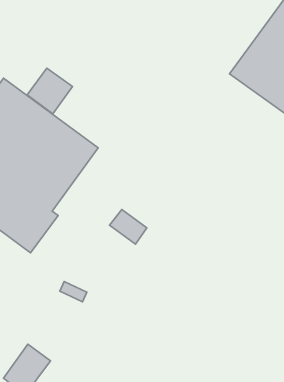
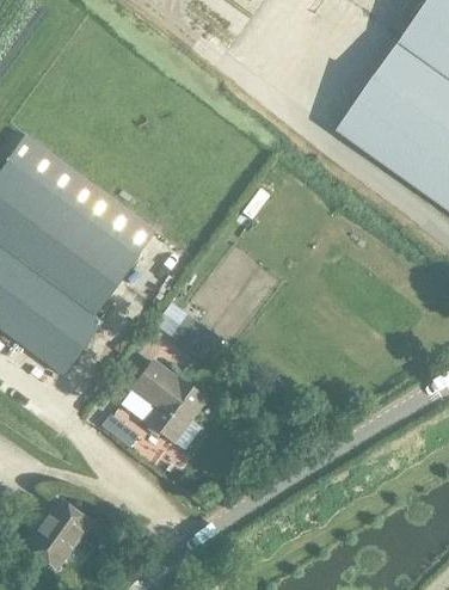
building: [27,68,72,114] -> none
building: none -> [130,363,204,442]

